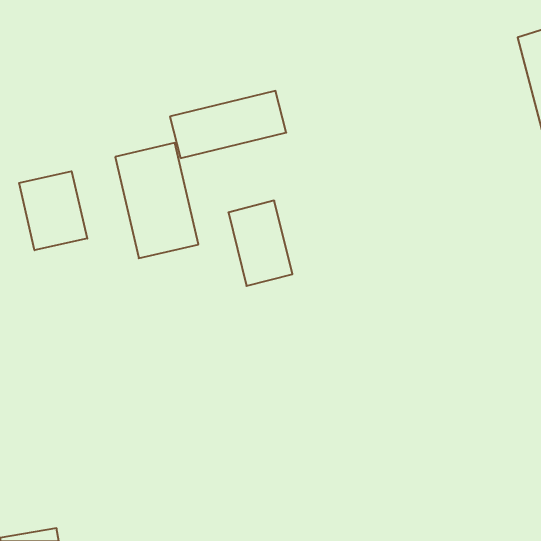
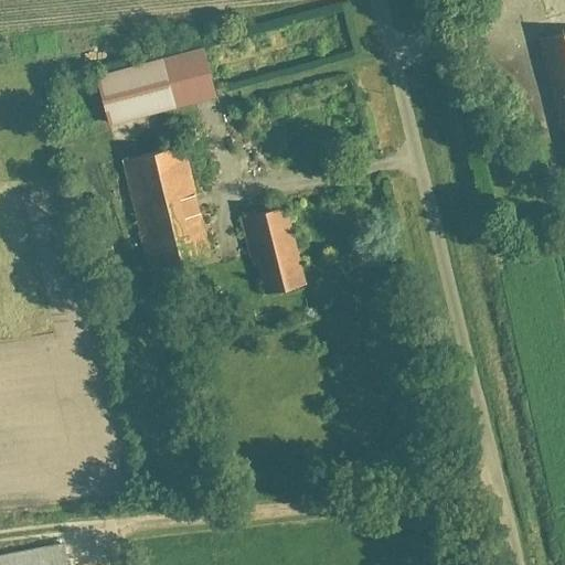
building: [170,91,286,158] -> [97,52,217,121]
building: [19,171,87,250] -> none

